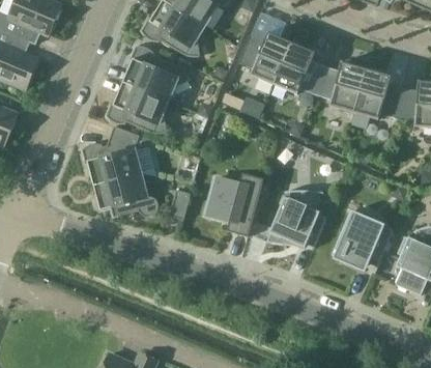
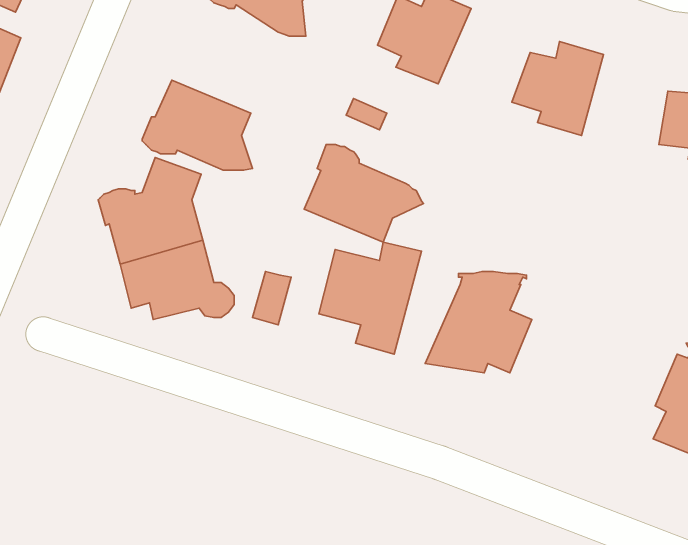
building: [274,41,325,94] -> none
building: [123,46,191,101] -> [304,145,424,242]
building: [354,67,403,119] -> none
building: [332,211,394,273] -> none

